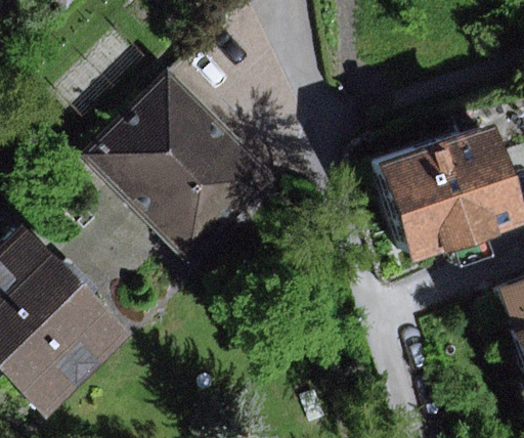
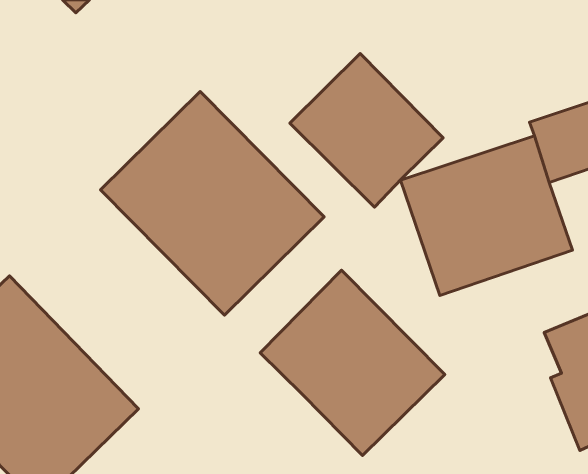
building: none -> [290,54,443,207]
building: none -> [260,270,445,455]

